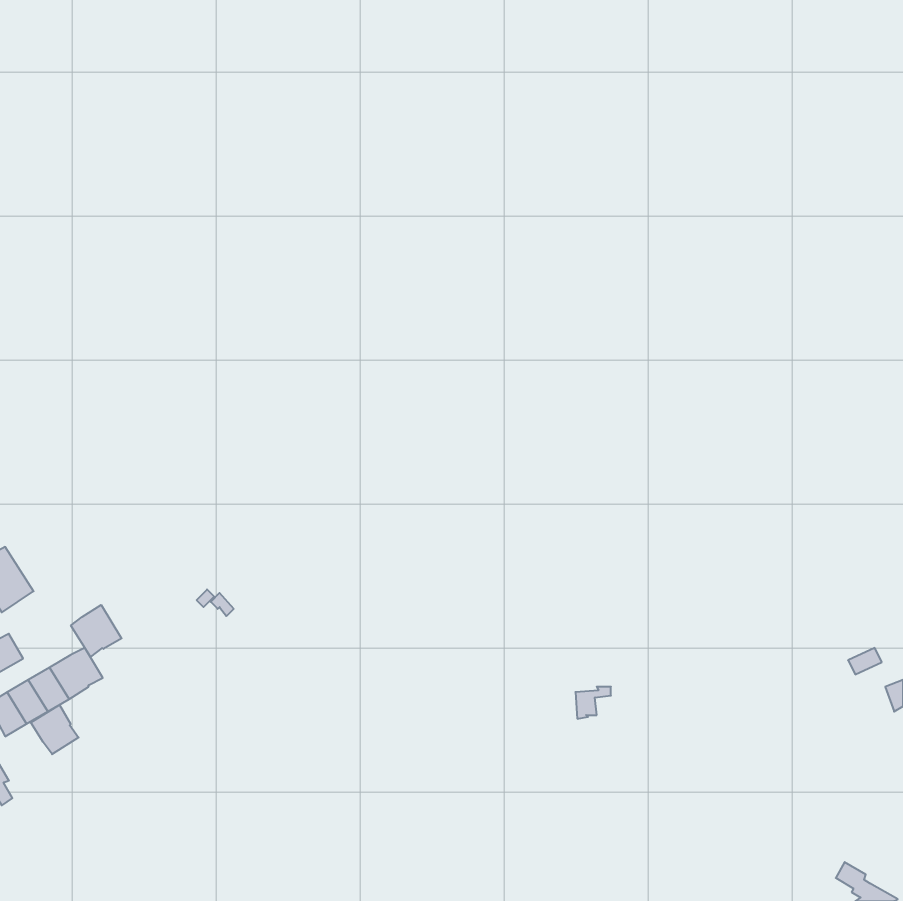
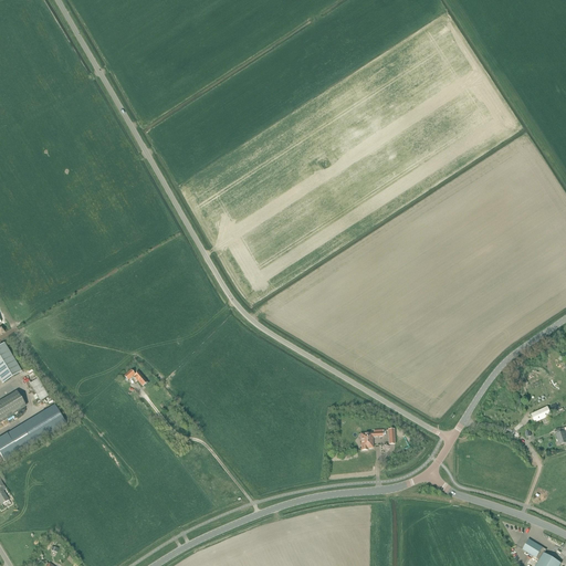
building: [71,605,122,657] -> none
building: [31,705,79,754] -> none

